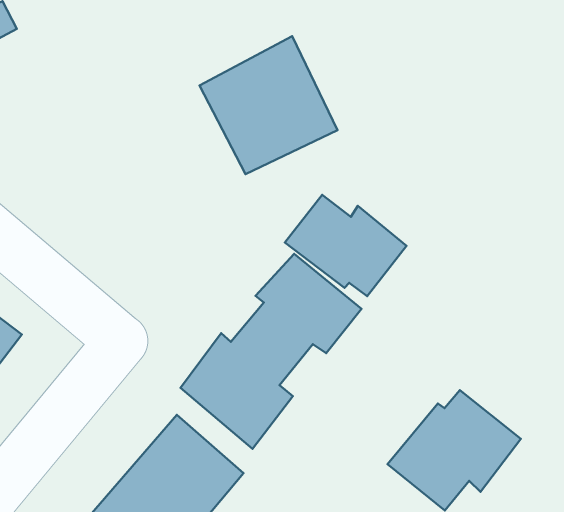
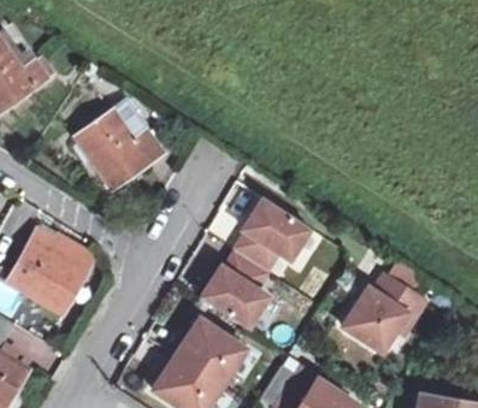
building: [199,36,338,174] -> [71,96,166,191]
building: [285,195,407,296] -> none

